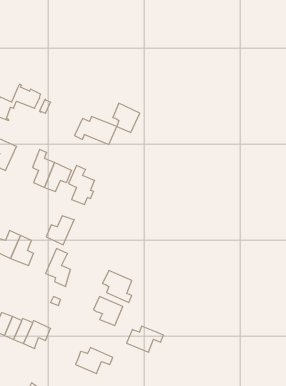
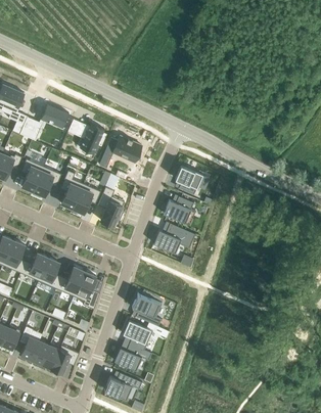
building: none -> [80,123,106,154]
building: [113,103,140,132] -> [175,165,202,194]
building: none -> [33,167,61,196]
building: none -> [163,196,195,225]
building: none -> [153,223,195,253]
building: [46,216,74,245] -> [56,267,85,296]
building: [127,326,164,352] -> [113,343,151,370]

